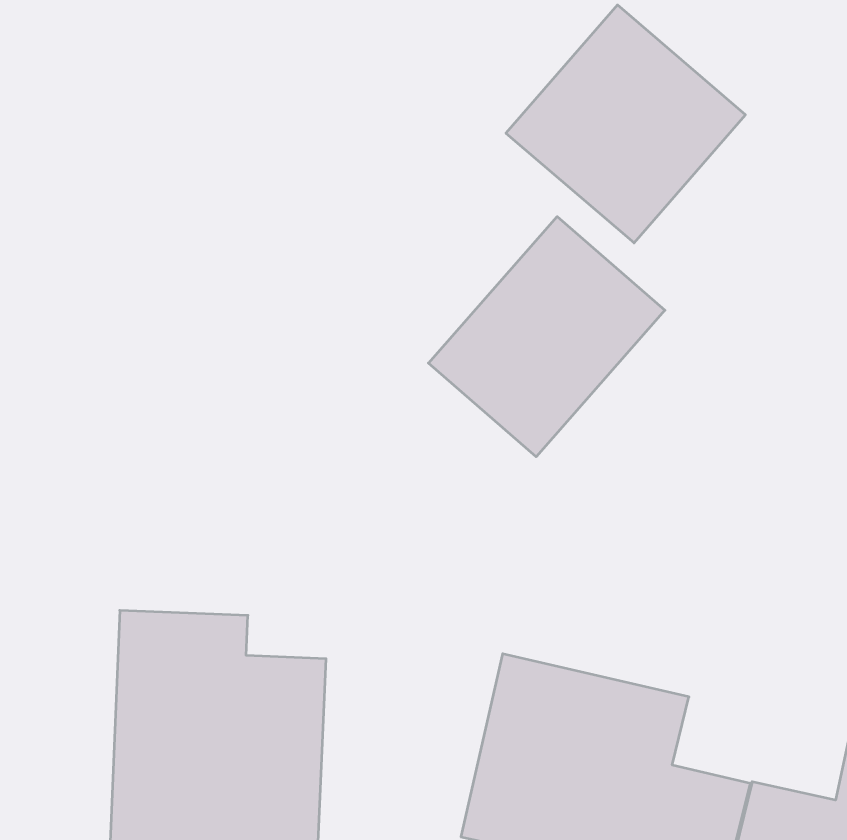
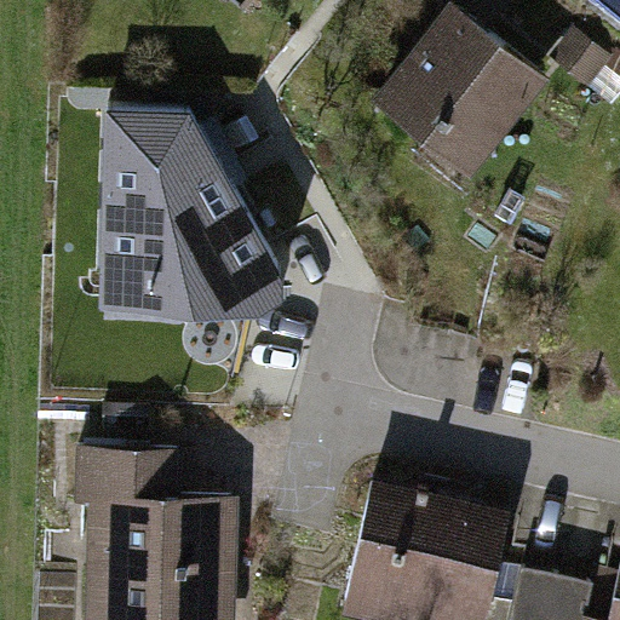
building: none -> [96,97,282,299]
building: [428,217,665,457] -> none

